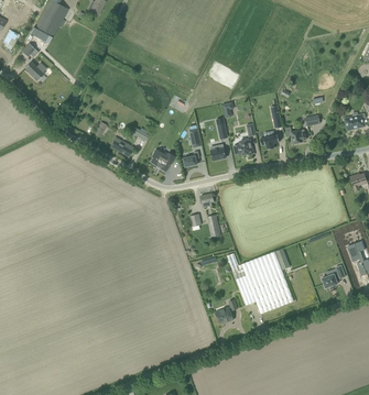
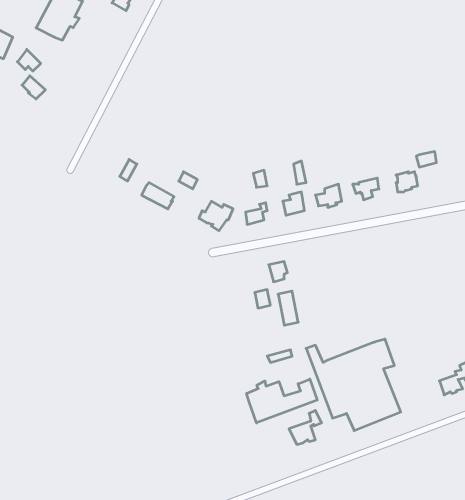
building: none -> [247,379,317,423]

